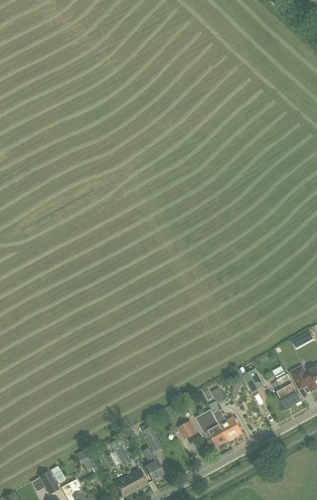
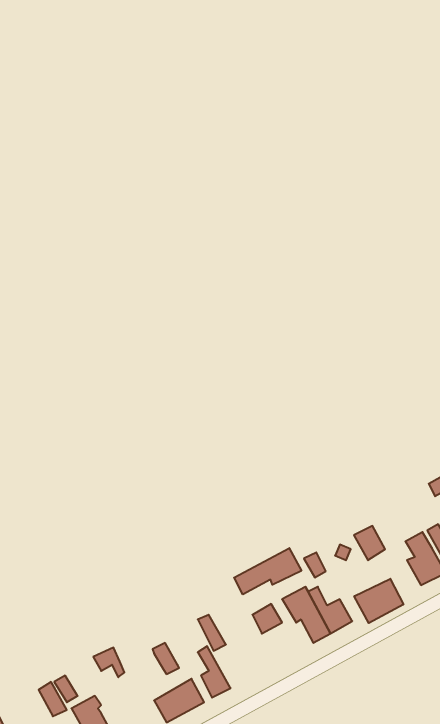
building: none -> [234,548,301,594]
building: none -> [354,579,403,623]

